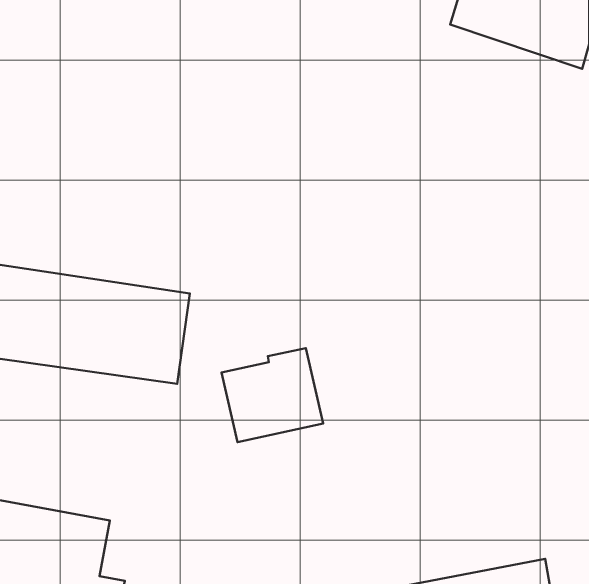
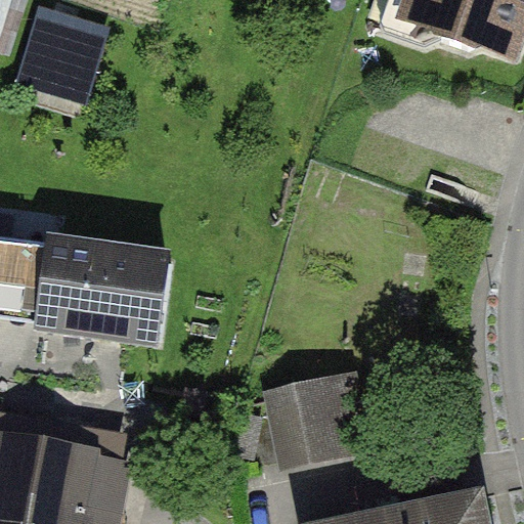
building: none -> [35,17,103,97]
building: [221,348,323,442] -> [274,377,364,460]

